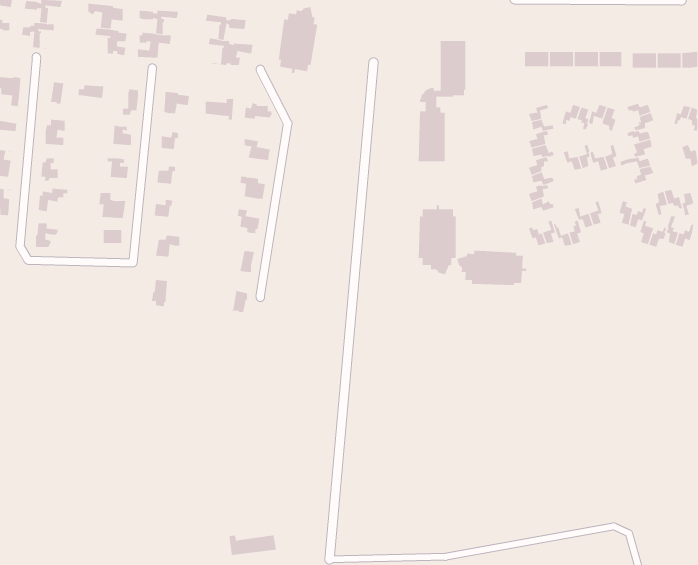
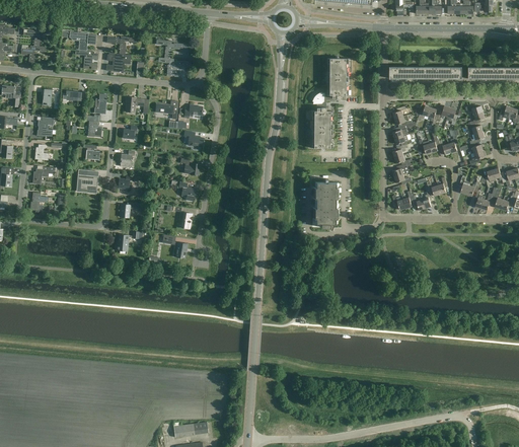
building: [278,6,318,74] -> none
building: [456,250,527,286] -> none

